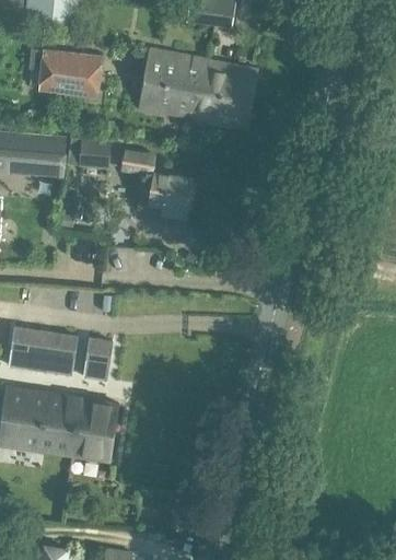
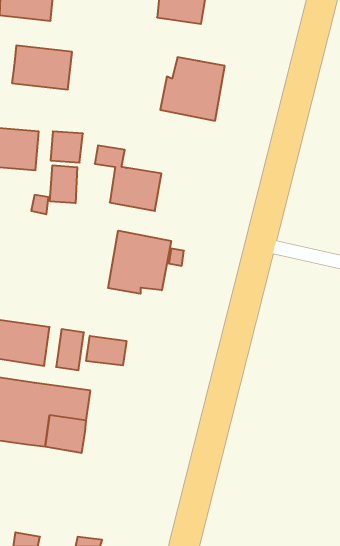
building: [141,50,207,114] -> none
building: none -> [50,165,77,203]
building: none -> [108,231,171,294]
building: none -> [86,336,126,365]

